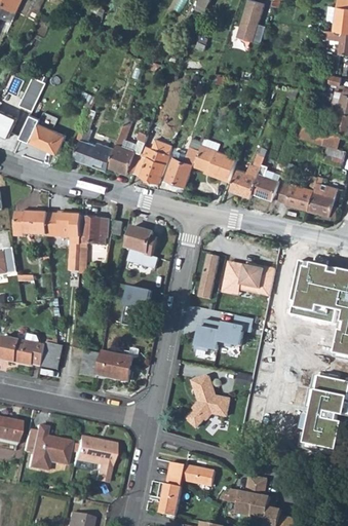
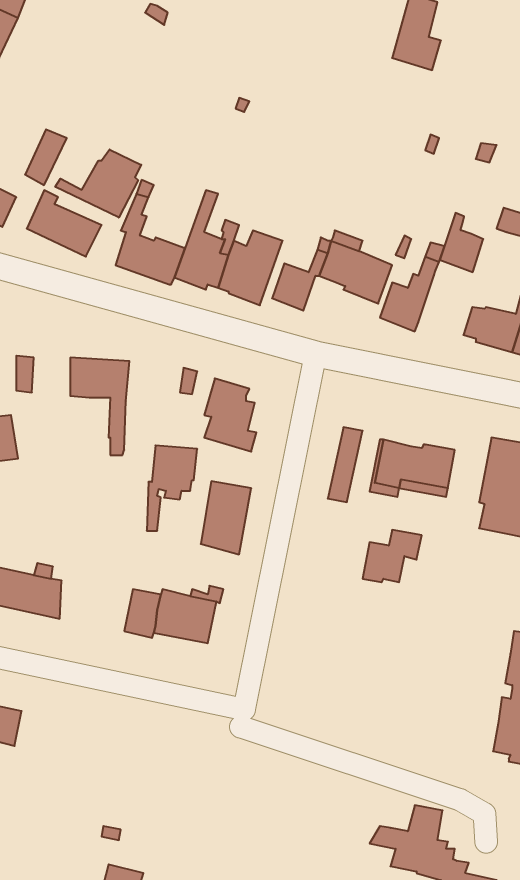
building: none -> [55,149,141,218]
building: [252,165,277,200] -> [440,213,483,272]
building: [24,212,46,235] -> none
building: [78,218,108,268] -> [147,445,197,531]
building: [196,318,223,351] -> none
building: [40,342,61,371] -> none
building: [187,376,230,428] -> none
building: [22,426,68,472] -> none
building: [71,437,111,482] -> none
building: [157,462,214,517] -> none

